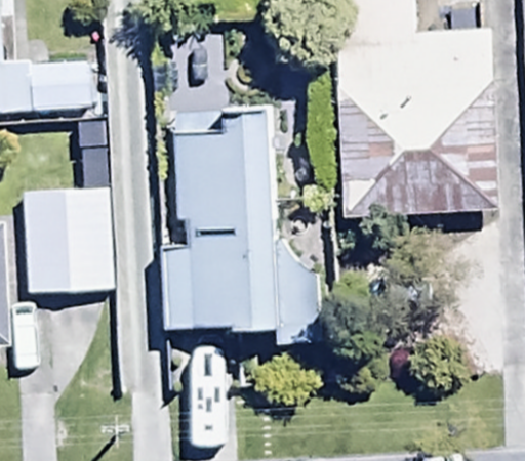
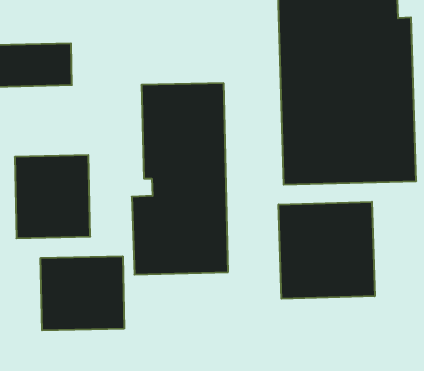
building: none -> [279,202,375,299]
building: none -> [41,256,124,330]

